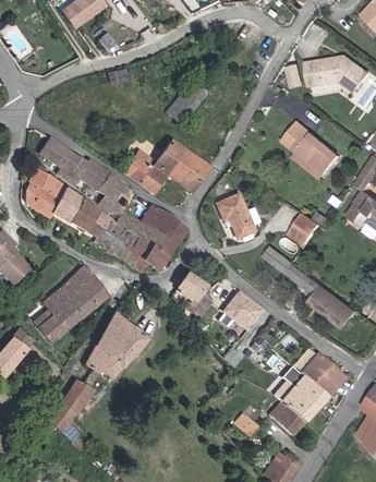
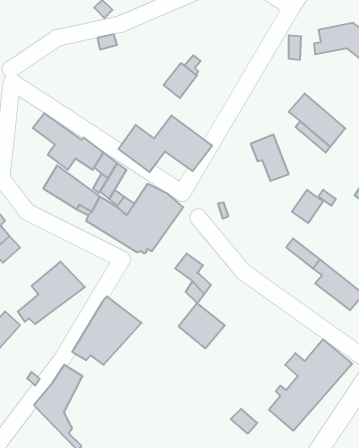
building: [27,172,65,216] -> none
building: [216,196,252,240] -> [251,135,289,181]
building: [69,264,106,303] -> none
building: [215,291,258,334] -> [179,303,225,348]

